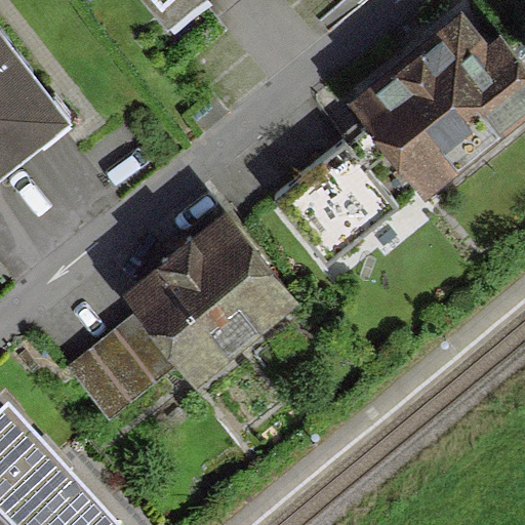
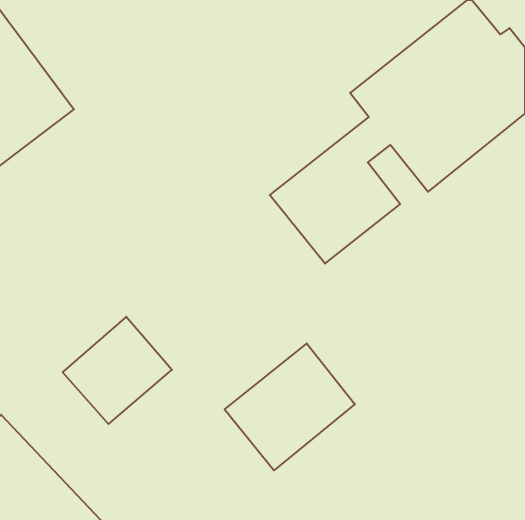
building: [116,210,295,388] -> none
building: none -> [225,343,355,470]

